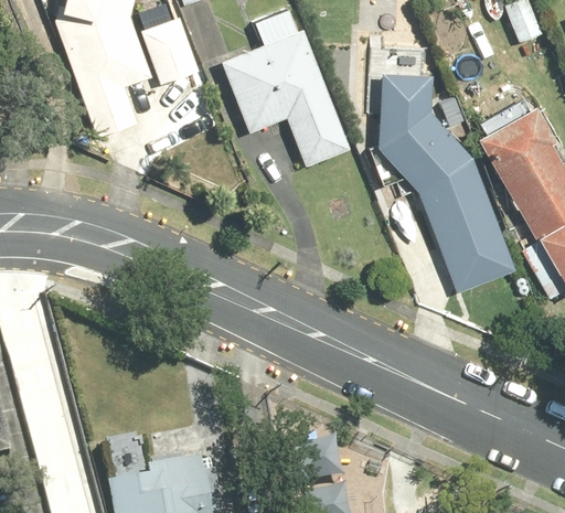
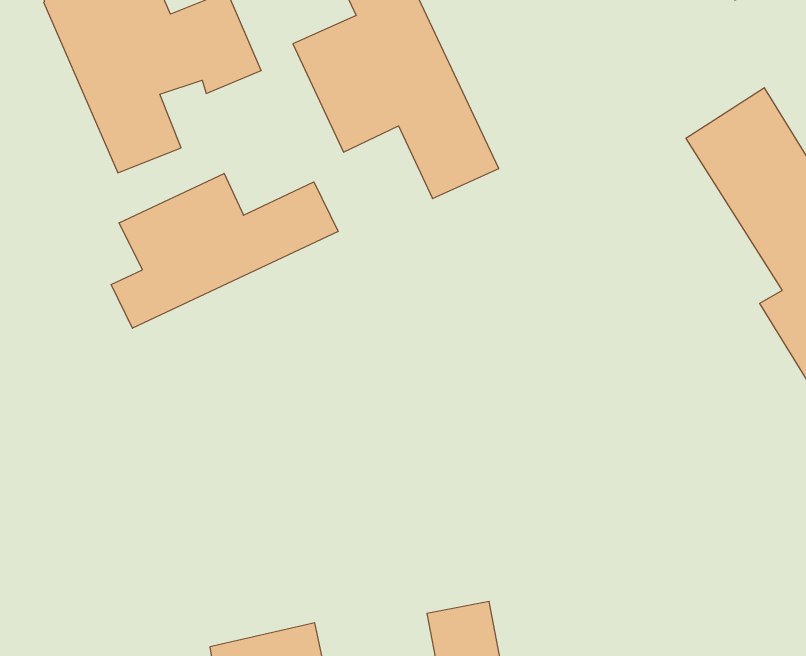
building: [377,70,518,290] -> none
building: none -> [111,173,338,328]

